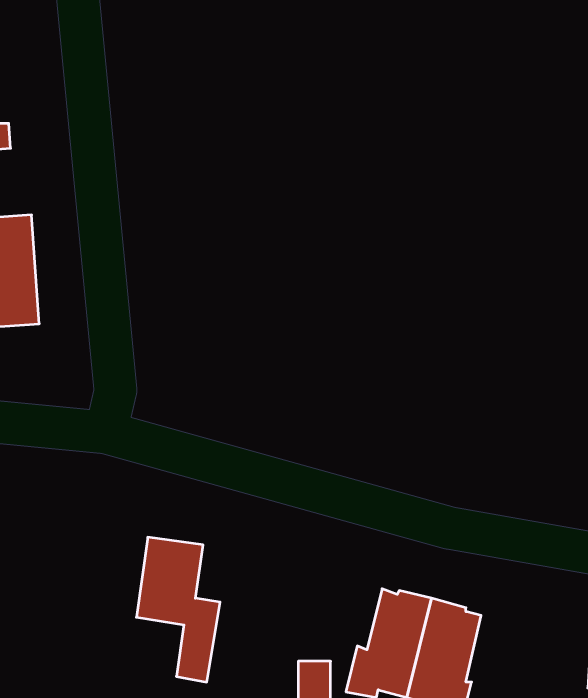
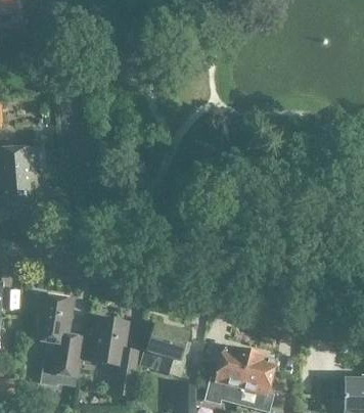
building: none -> [34,294,83,376]
building: none -> [147,323,191,375]

